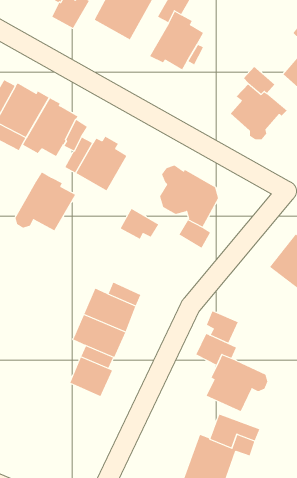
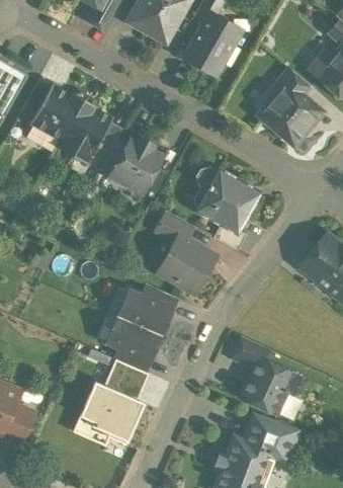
building: [15,171,76,231] -> none
building: none -> [158,236,213,292]
building: [206,310,239,344] -> none
building: none -> [80,382,143,439]

